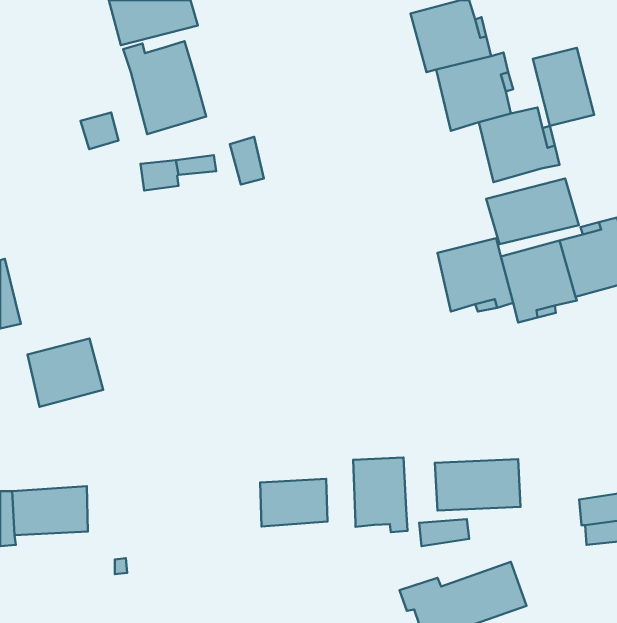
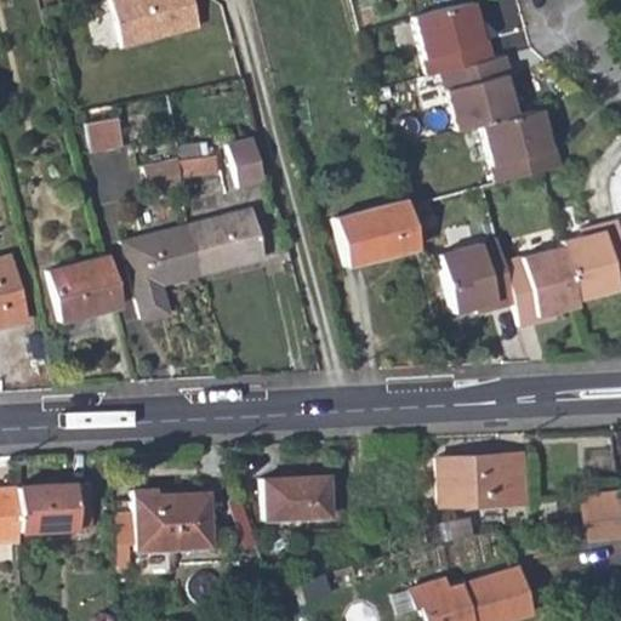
building: [123,41,206,134] -> none
building: [533,48,594,126] -> none
building: [486,178,579,244] -> none
building: none -> [341,199,422,266]
building: none -> [129,209,268,314]
building: [27,339,103,407] -> [49,255,124,323]
building: [353,458,407,532] -> none
building: none -> [135,489,211,552]

